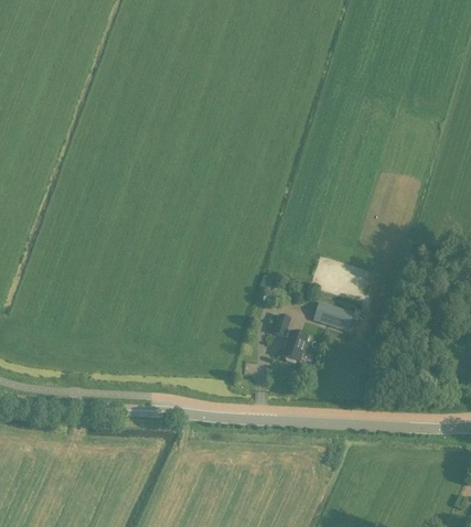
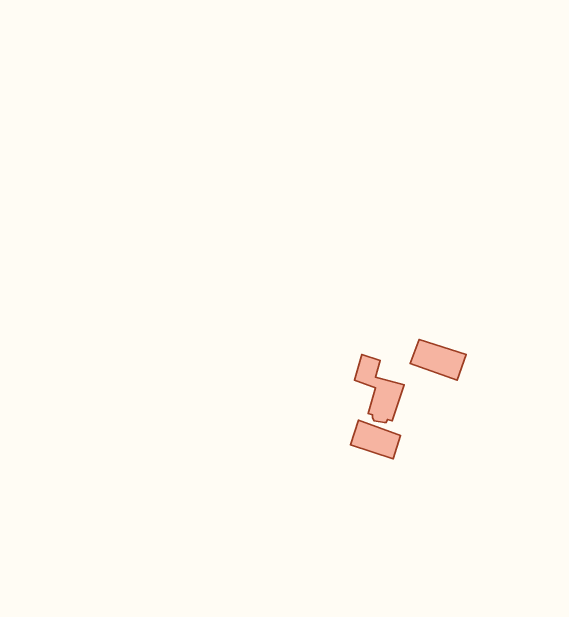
building: none -> [350,420,400,459]

